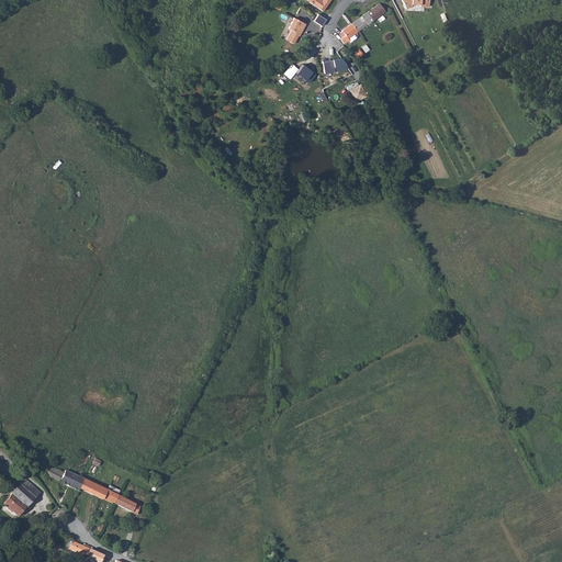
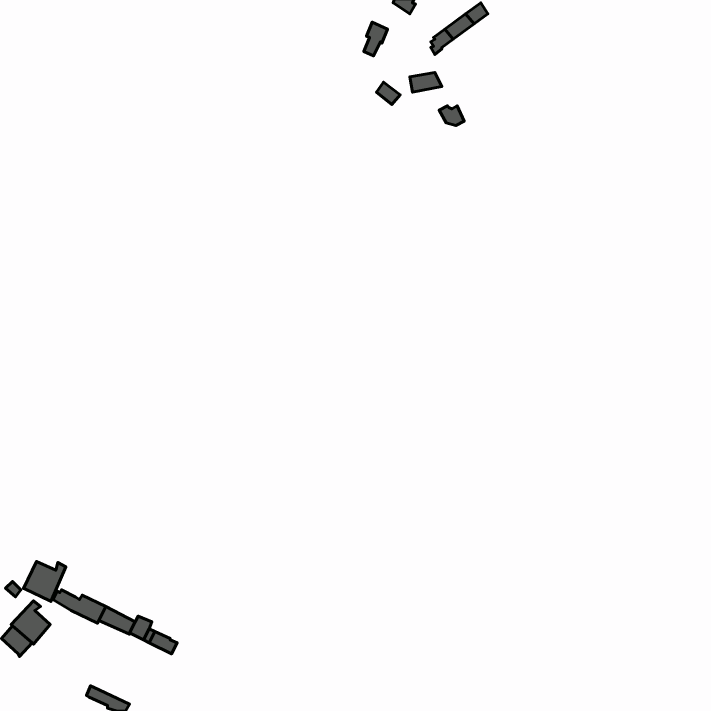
building: none -> [23,562,66,601]

